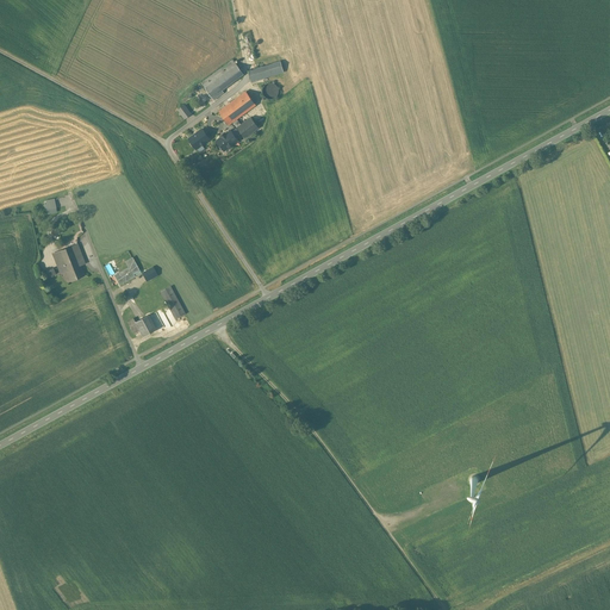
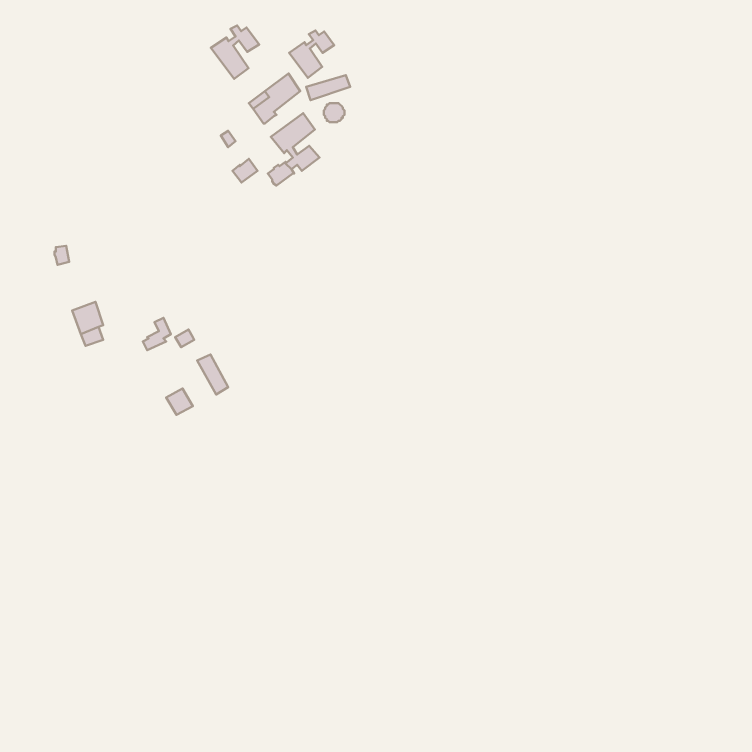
building: none -> [211,25,259,79]
building: none -> [289,31,334,78]

